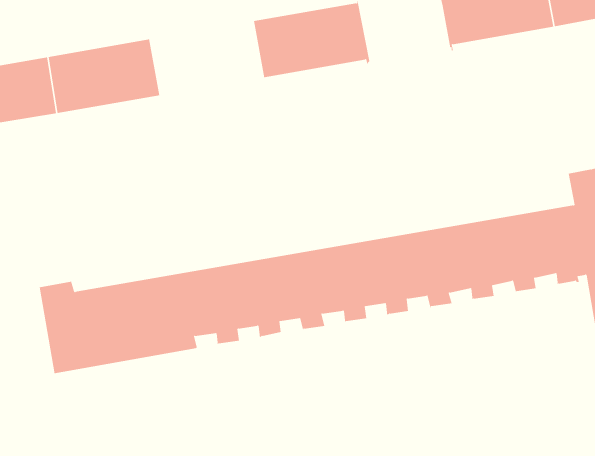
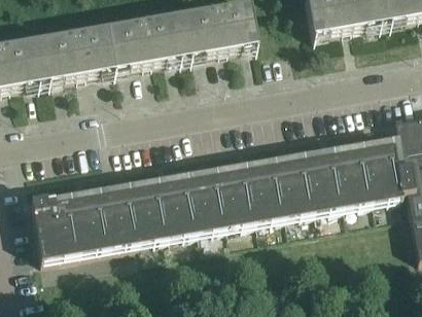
building: none -> [106,15,184,67]

